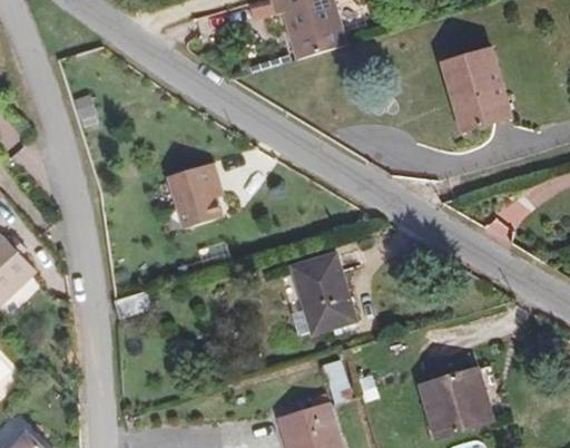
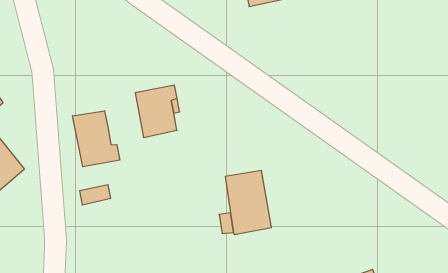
building: [436,40,502,118] -> none
building: none -> [73,111,120,167]

